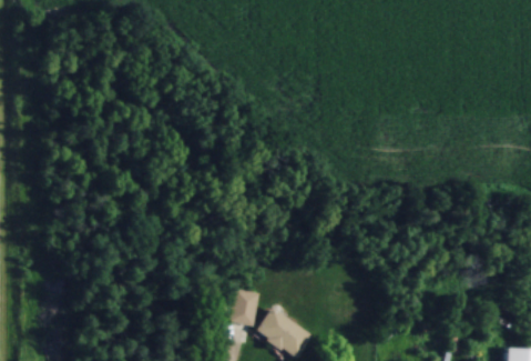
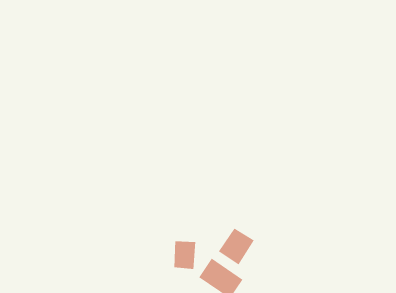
building: none -> [218,227,255,266]

